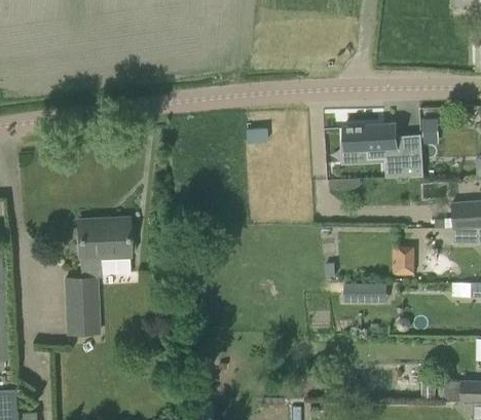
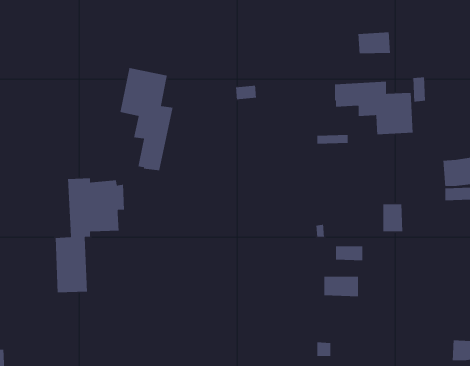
building: none -> [358,32,391,54]
building: none -> [119,67,173,171]
building: none -> [323,276,359,297]

